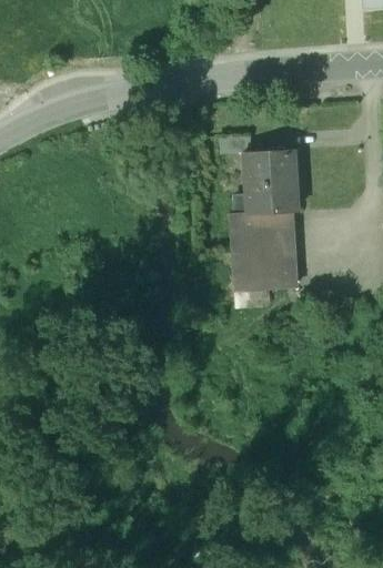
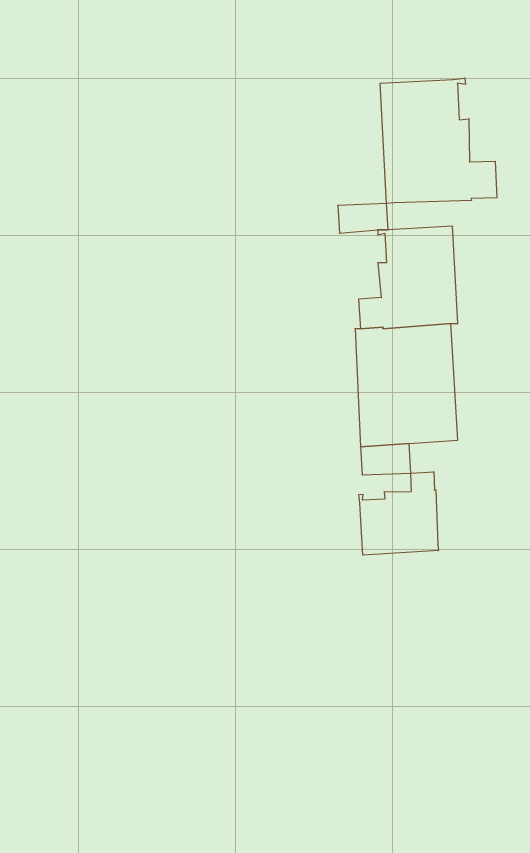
building: none -> [380,78,497,204]
building: none -> [359,472,438,555]

